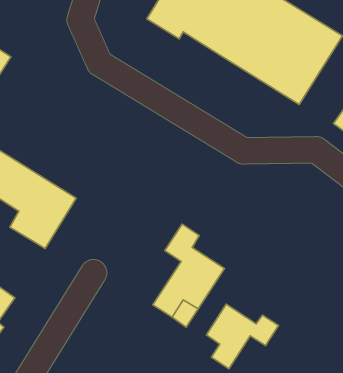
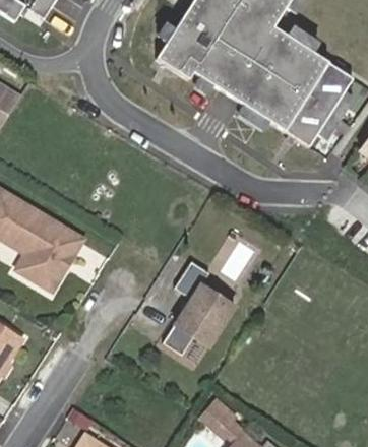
building: [206,304,278,369] -> none

